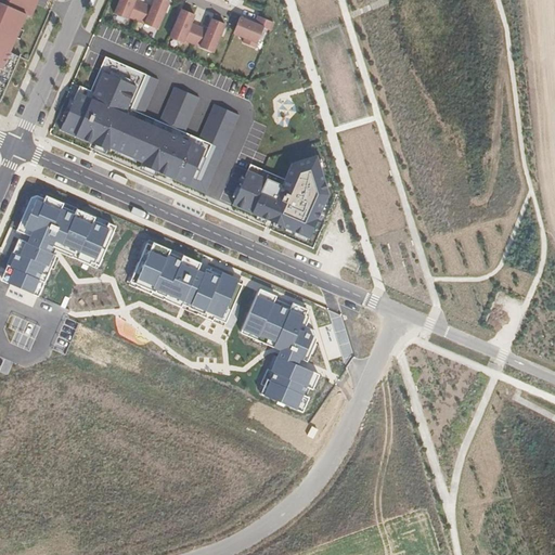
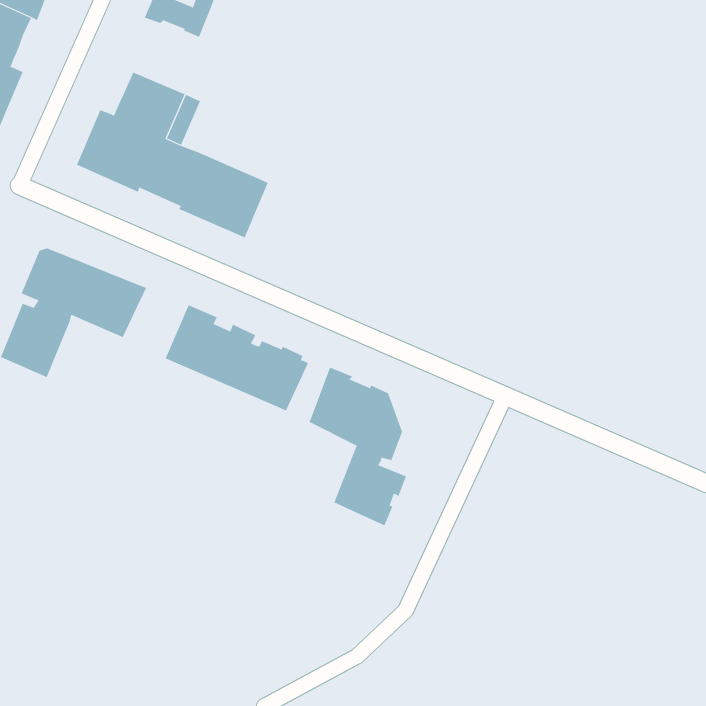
building: [169,9,224,52] -> none
building: [232,15,273,47] -> none
building: [158,86,198,131] -> none
building: [192,103,238,192] -> none
building: [231,155,327,237] -> none

